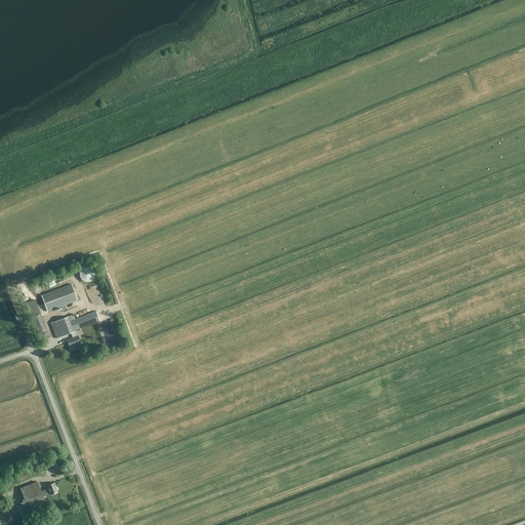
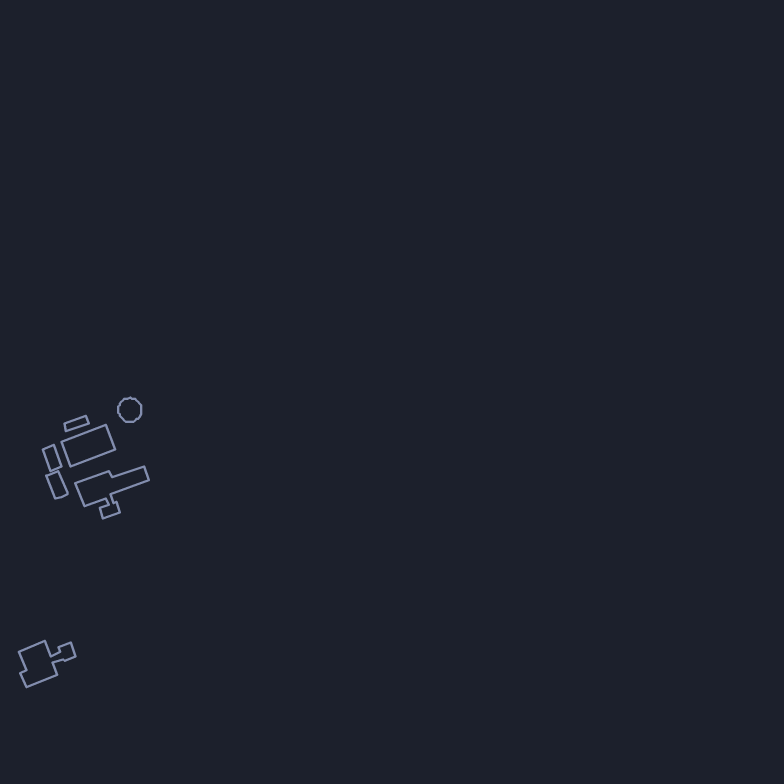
building: [19,481,57,512] -> [19,641,76,687]

